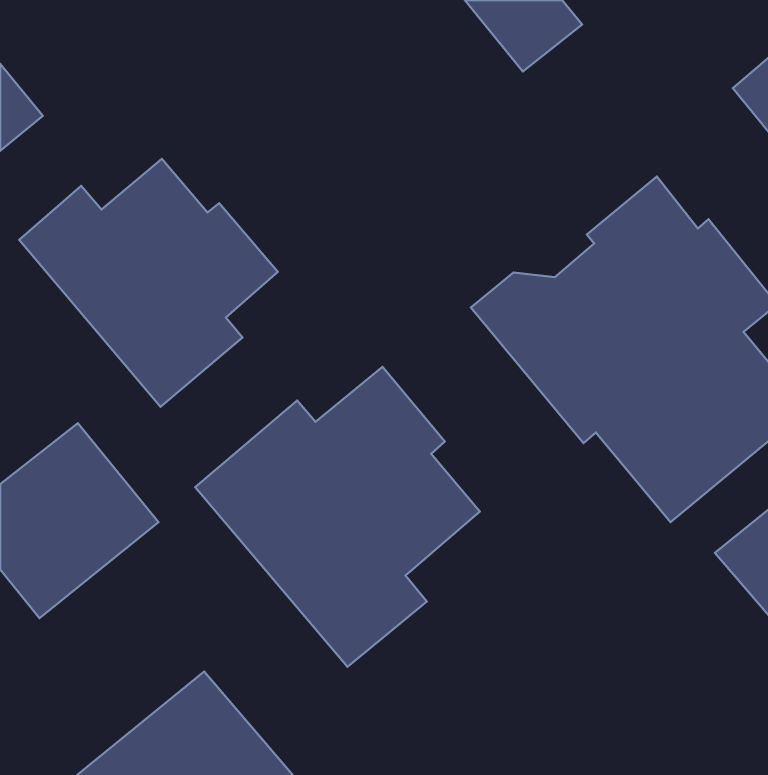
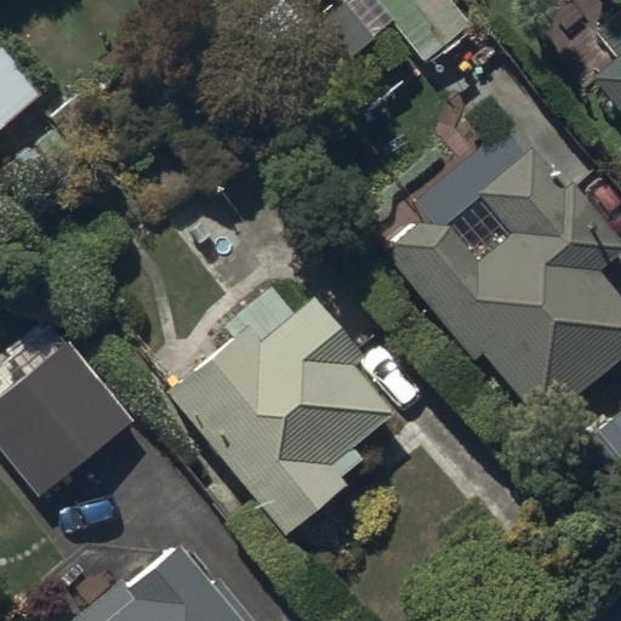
building: [19,159,278,407] -> none

